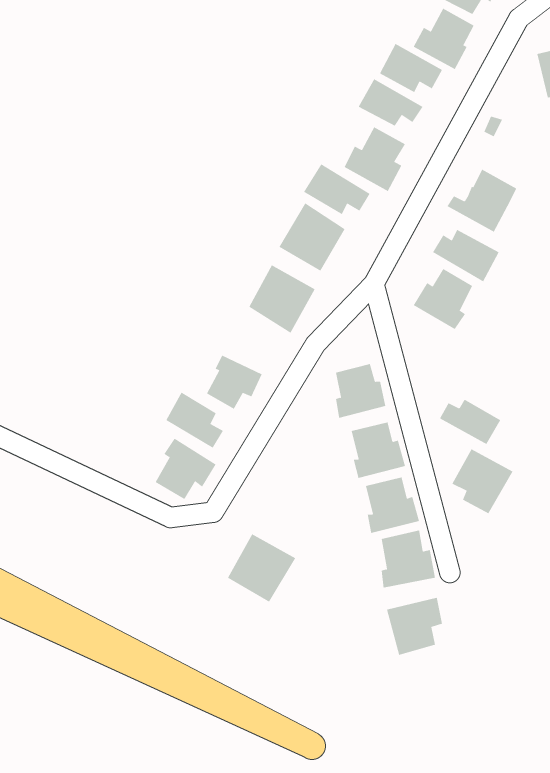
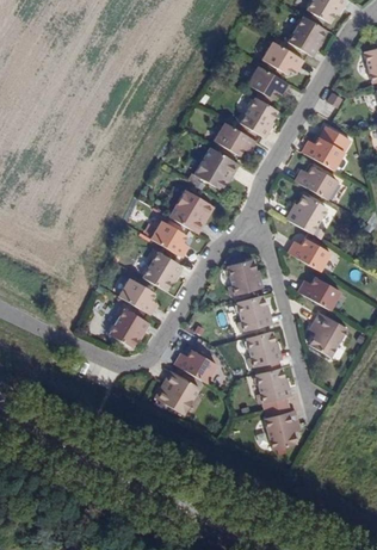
building: none -> [148,220,187,258]
building: none -> [288,243,332,274]
building: none -> [175,352,218,383]

